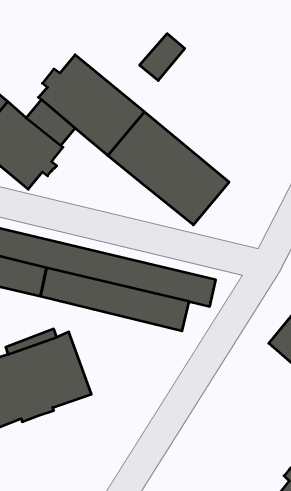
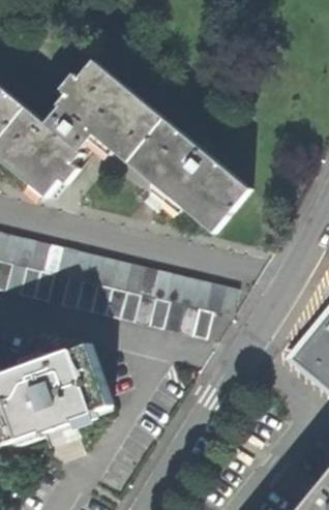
building: [140,34,185,81] -> none

